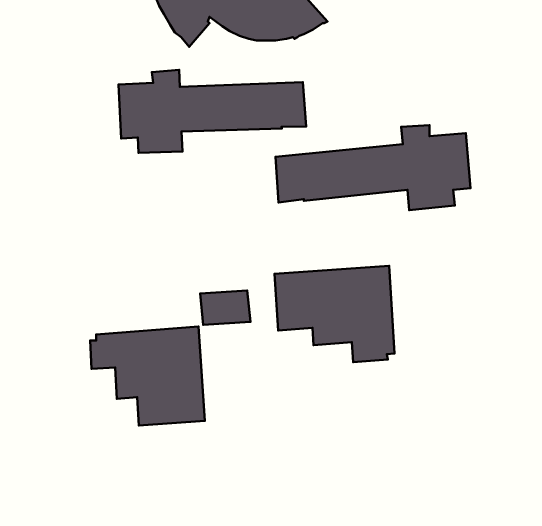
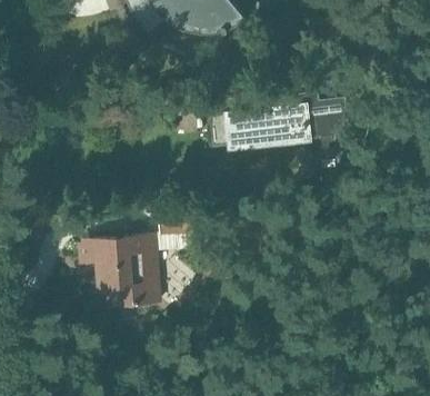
building: [118,70,306,153] -> none
building: [274,266,394,362] -> none

